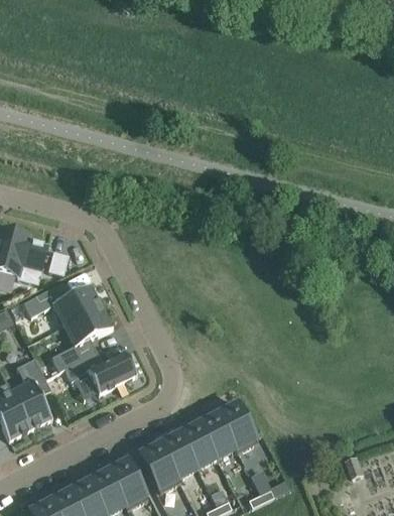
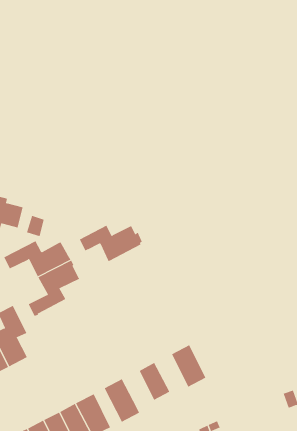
building: [63,351,137,394] -> [79,225,142,262]
building: [198,414,234,458] -> none
building: [160,433,196,477] -> none

